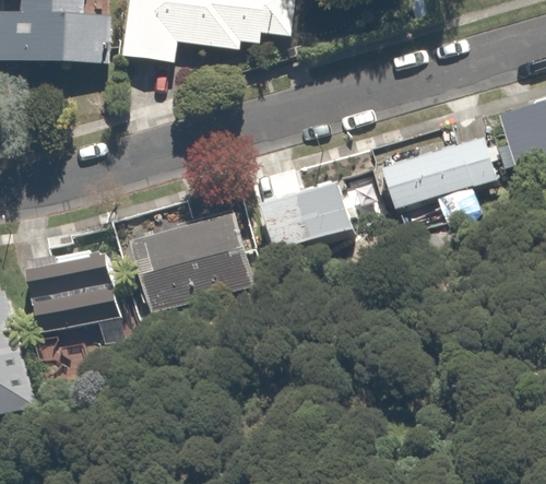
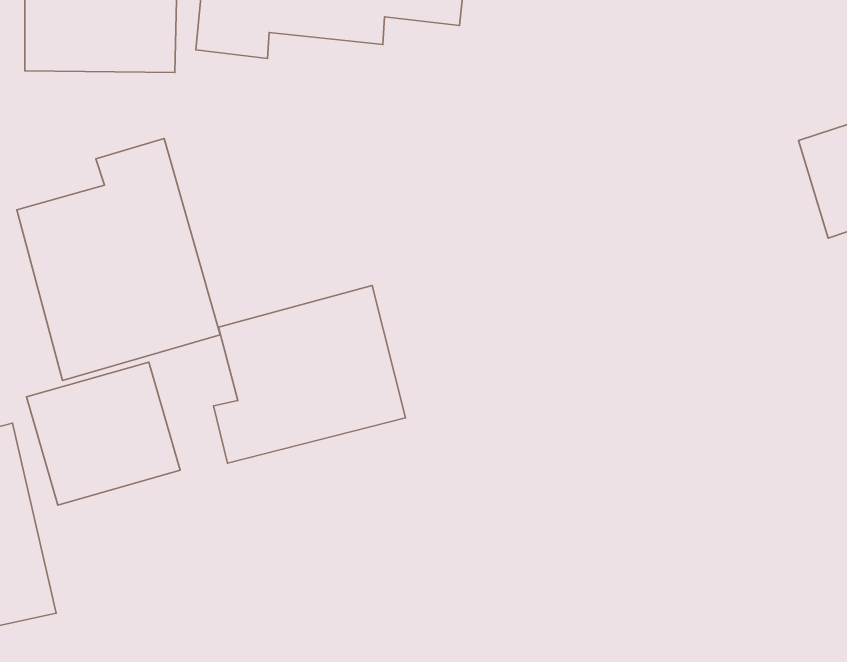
building: none -> [17,139,220,381]
building: [368,119,498,214] -> none
building: [253,181,355,253] -> none

